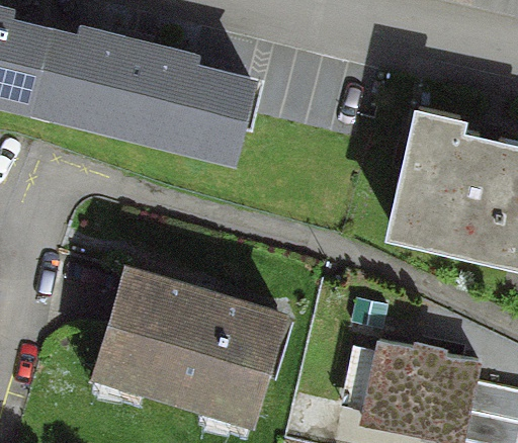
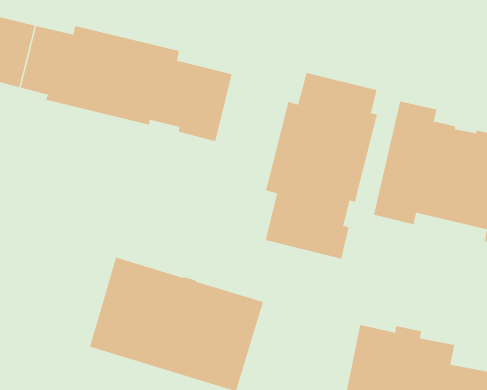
building: none -> [265,72,377,259]

